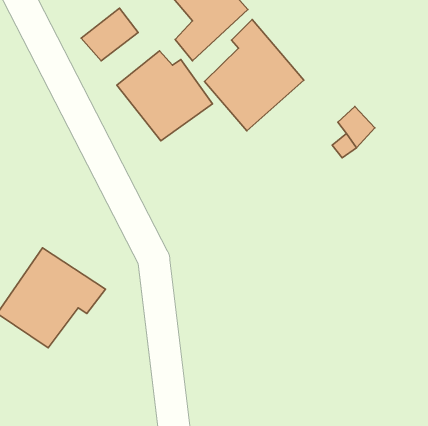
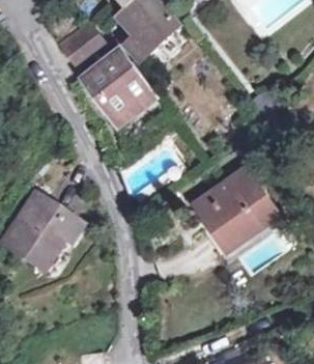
building: [204,20,304,131] -> none
building: none -> [196,170,277,250]

